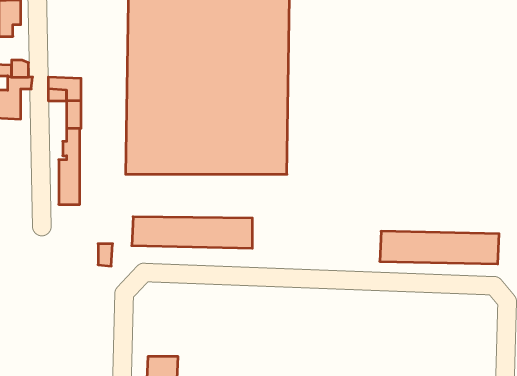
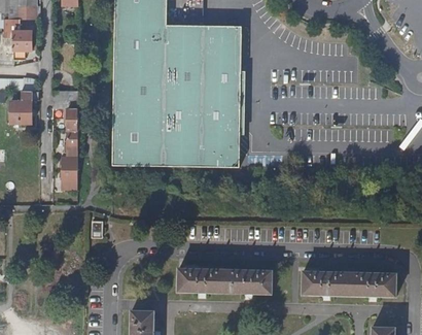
building: [132,217,252,248] -> [178,268,273,293]
building: [380,231,499,264] -> [304,270,397,296]

